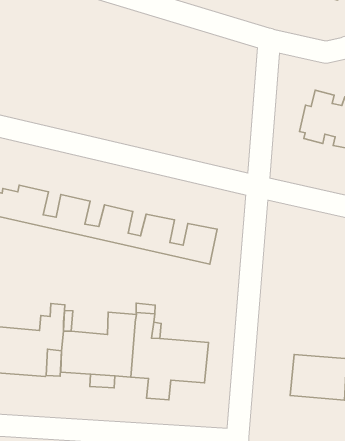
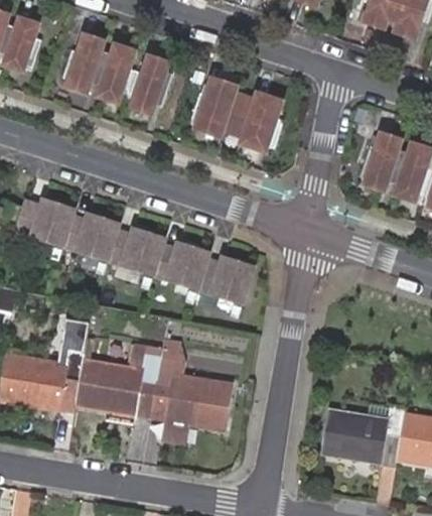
building: none -> [60,33,167,109]
building: none -> [188,73,281,147]

